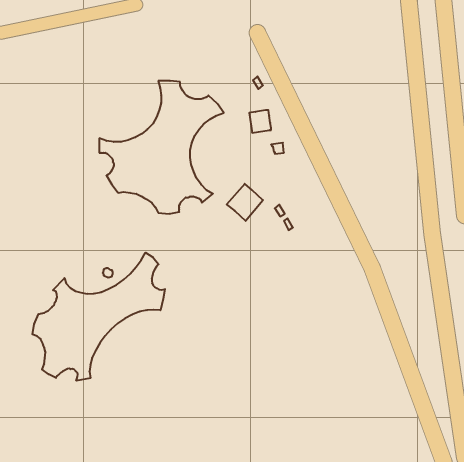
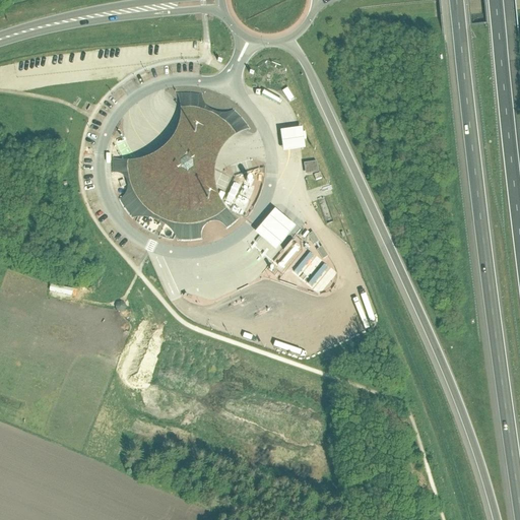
building: [32,253,165,381] -> none

